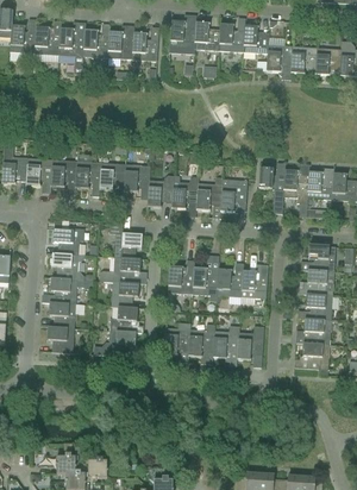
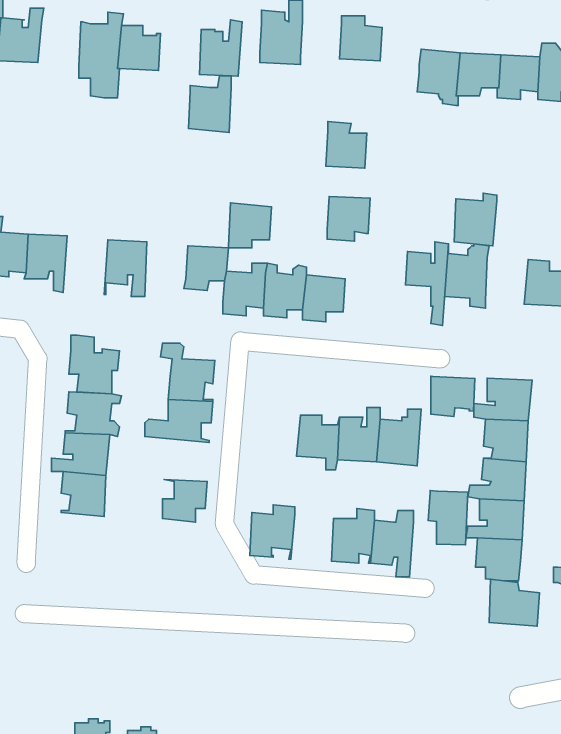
building: [33,20,61,62] -> none
building: [194,21,219,50] -> [326,122,367,168]
building: [107,25,133,59] -> [188,76,231,132]
building: [243,25,269,54] -> none
building: [49,158,76,194] -> none
building: [99,162,125,189] -> [229,203,271,248]
building: [307,168,333,200] -> [454,193,497,246]
building: [220,184,246,212] -> [327,196,370,241]
building: none -> [431,376,475,416]
building: [167,259,194,293] -> none
building: [111,282,138,308] -> none
building: none -> [428,490,468,545]
building: [188,323,214,364] -> none
building: [46,327,74,353] -> none
building: [94,331,136,357] -> none
building: none -> [489,579,539,626]

